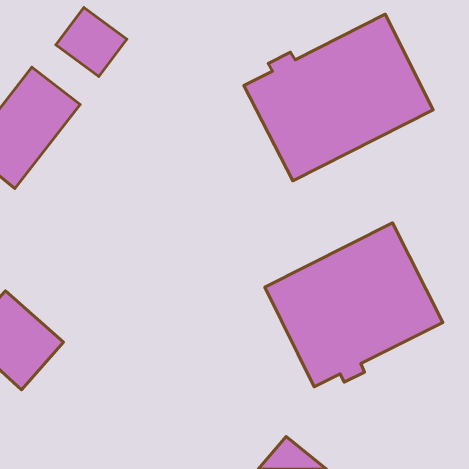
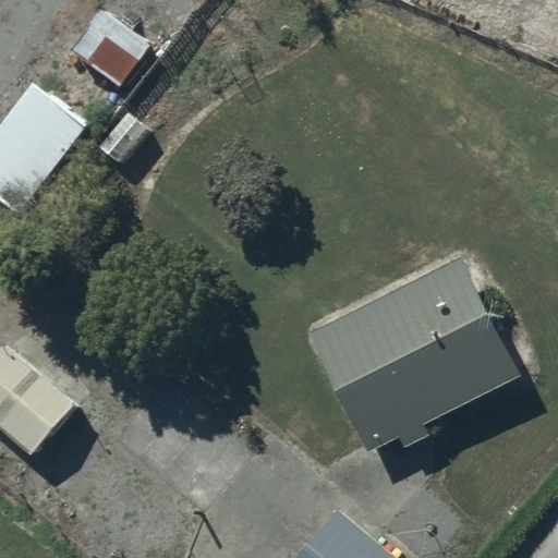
building: [244,14,433,181] -> none

